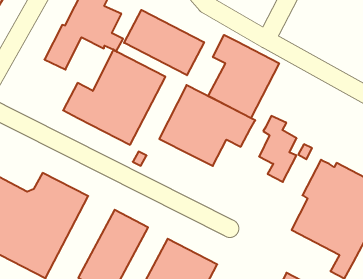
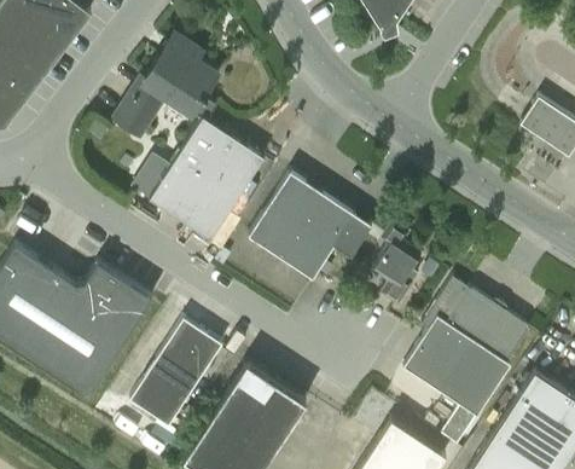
building: [124,10,204,75] -> none
building: [209,35,279,118] -> none

